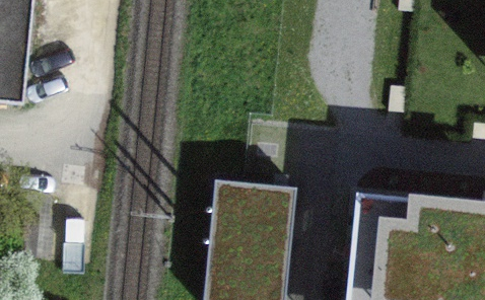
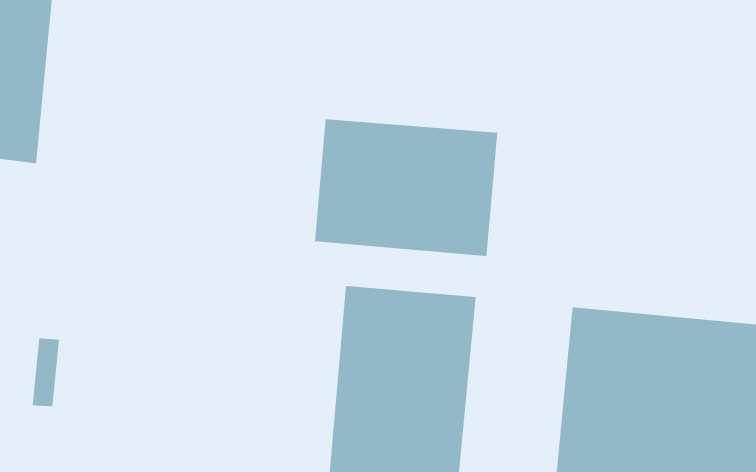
building: none -> [315,119,498,257]

